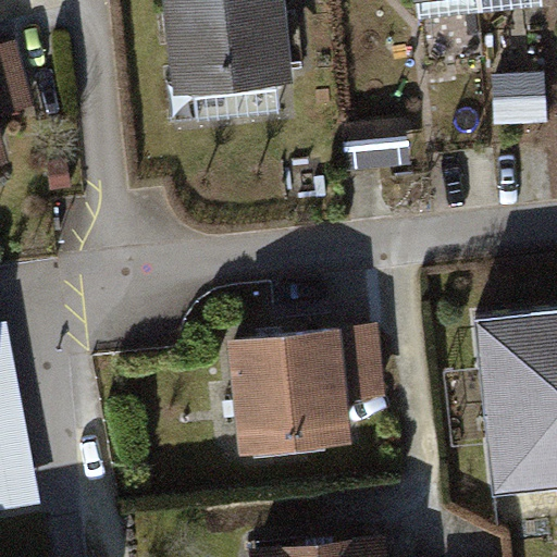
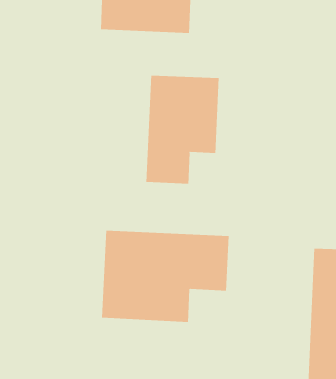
building: none -> [146,75,219,184]

